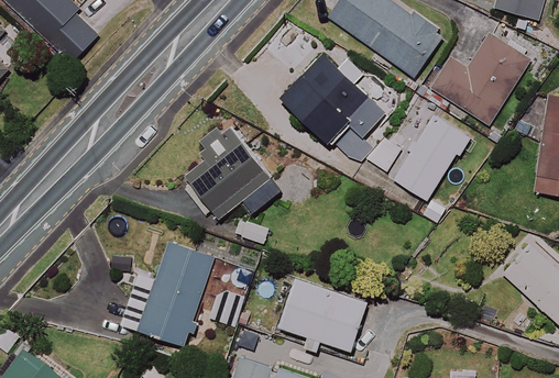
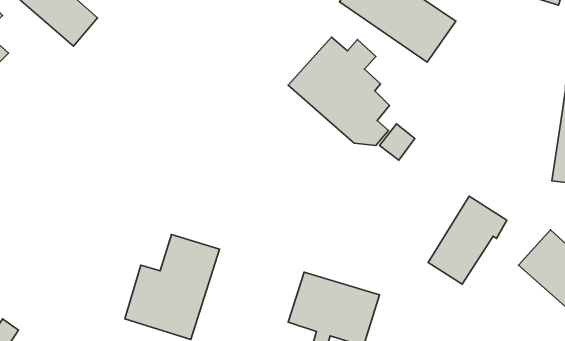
building: [423,35,528,125] -> none
building: [393,115,469,200] -> [428,196,507,284]
building: [182,130,278,220] -> none

